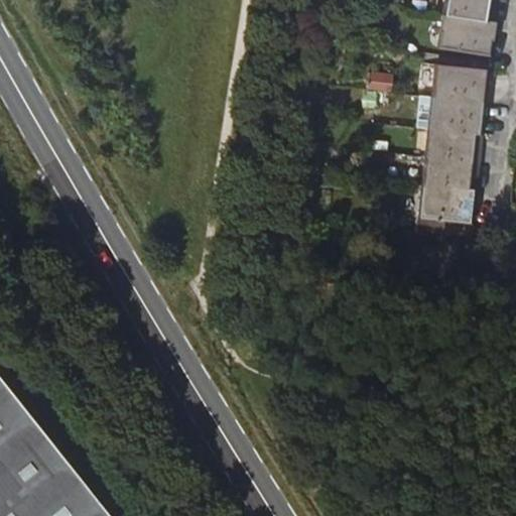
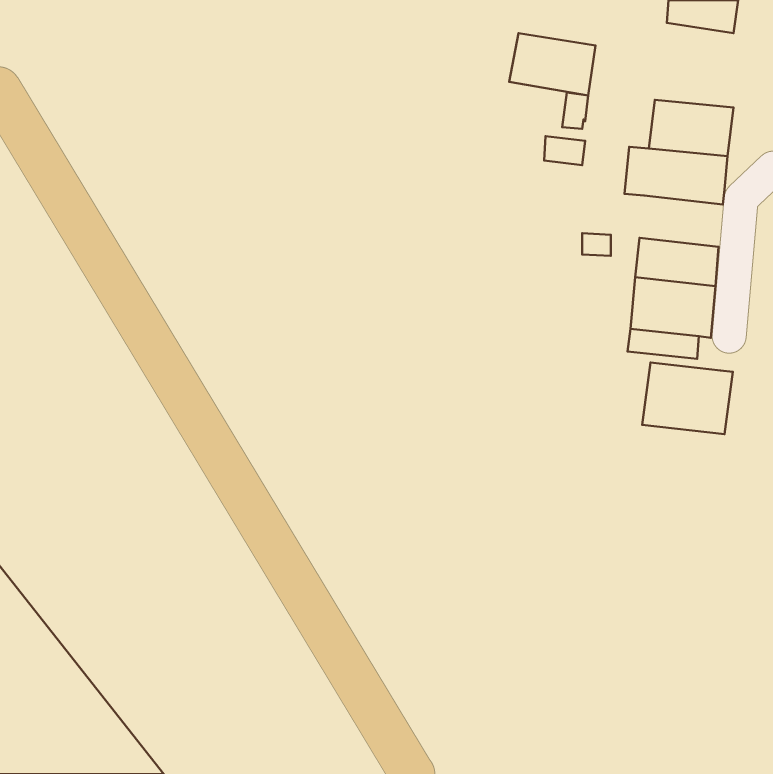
building: [437,15,495,56] -> [509,33,596,95]
building: [425,130,481,164] -> none
building: none -> [642,362,733,434]

